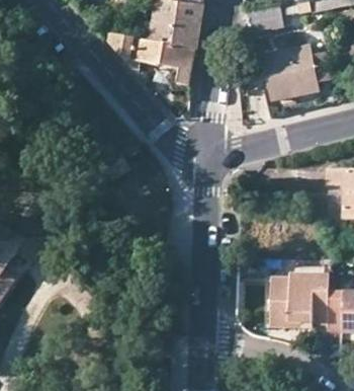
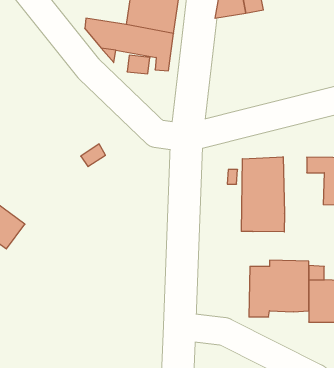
building: [263,48,333,100] -> none
building: none -> [241,157,284,232]

